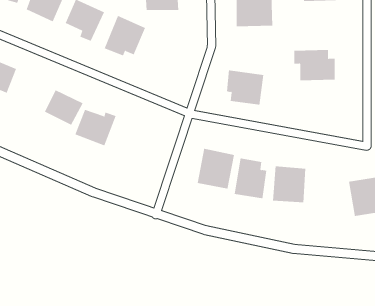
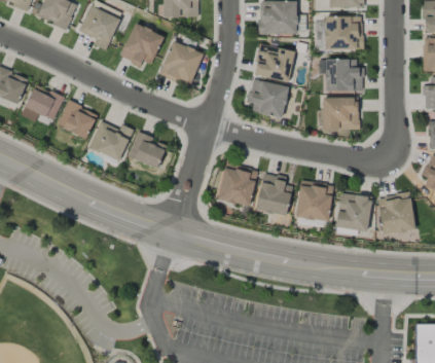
building: none -> [324,16,362,50]
building: none -> [158,41,203,84]
building: none -> [253,43,295,82]
building: none -> [21,83,64,121]
building: none -> [322,98,359,130]
building: none -> [128,134,167,169]
building: none -> [335,193,372,231]

